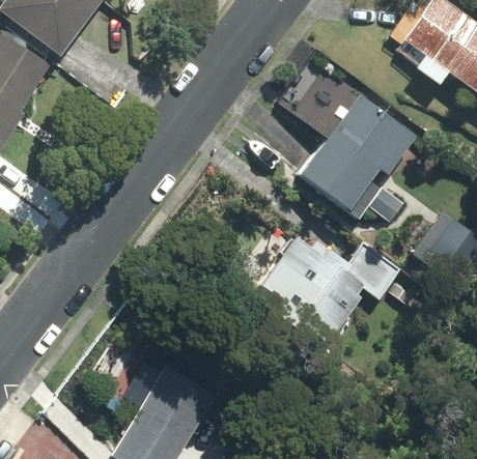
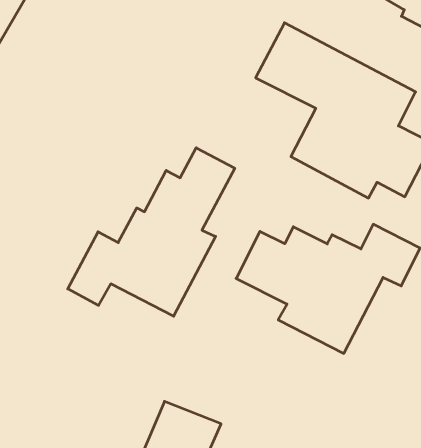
building: none -> [68,148,235,316]

